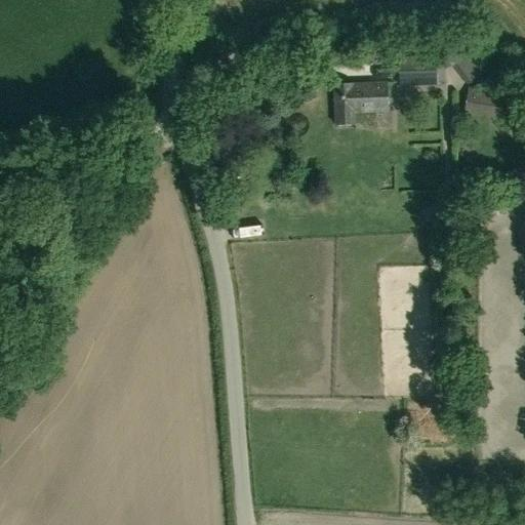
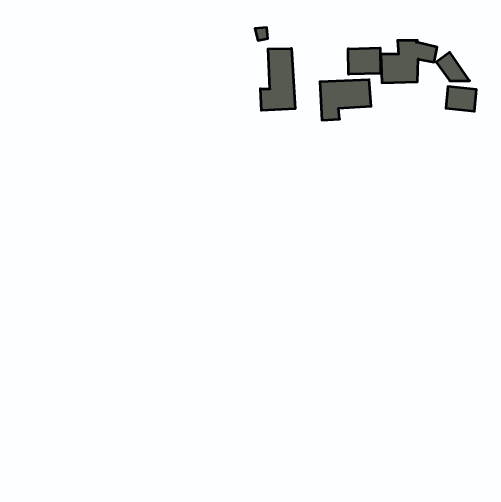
building: none -> [348,48,380,74]
building: none -> [260,48,295,110]

